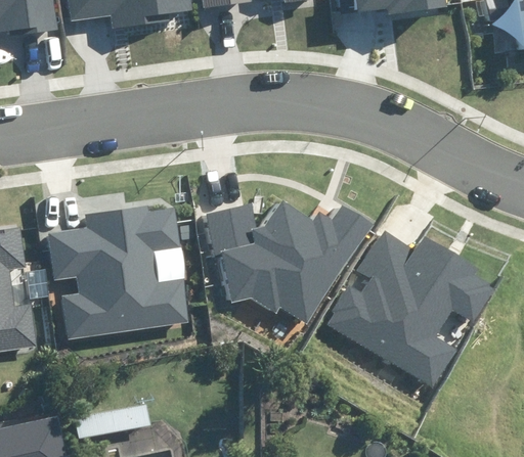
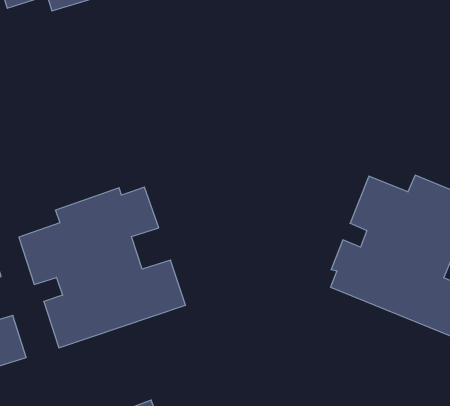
building: [209,200,374,324] -> none

